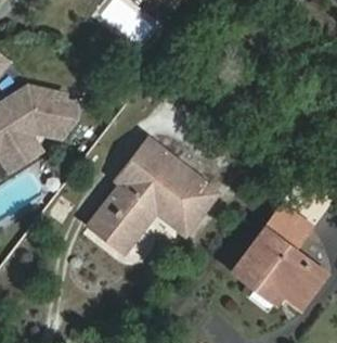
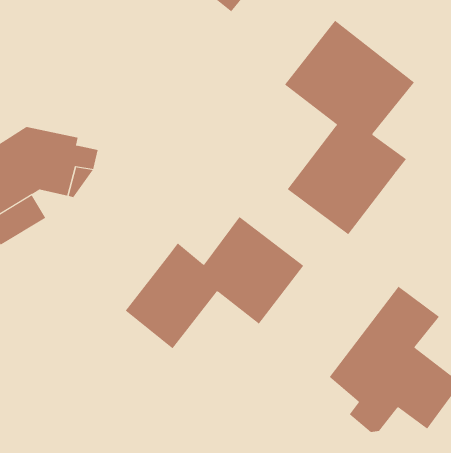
building: none -> [284,20,415,235]
building: [118,137,172,188] -> none

